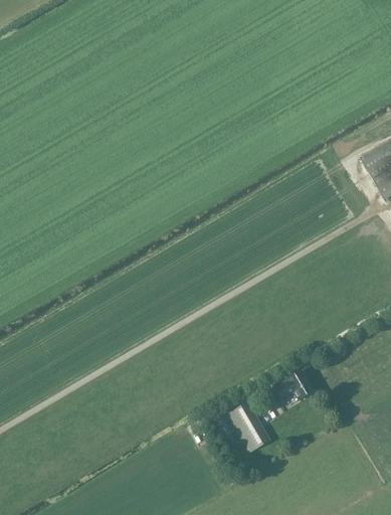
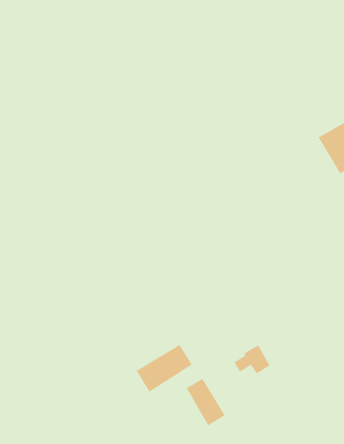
building: none -> [136,344,193,393]

